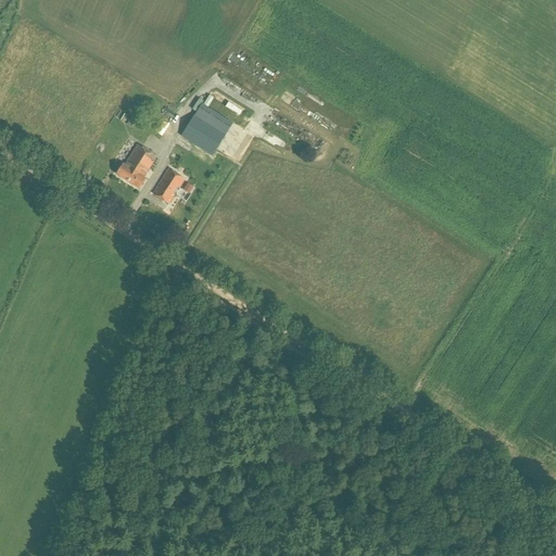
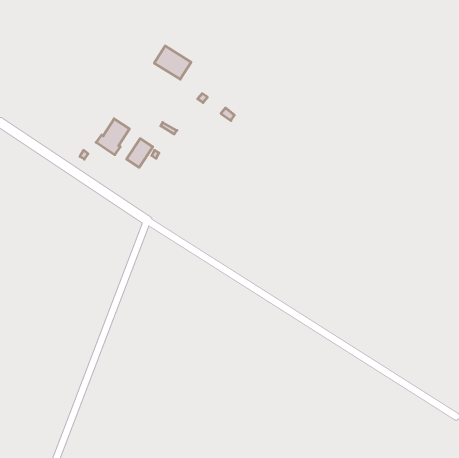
building: [181,113,226,153] -> [154,46,191,79]

